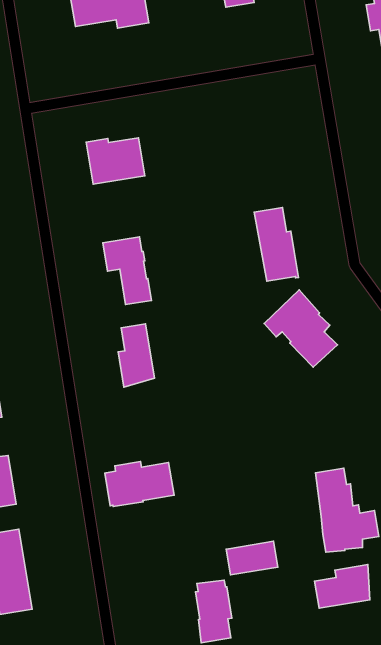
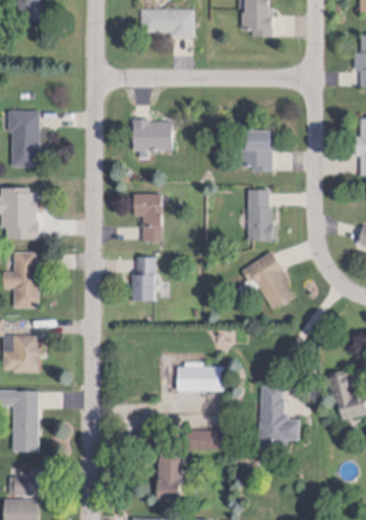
building: none -> [241,127,272,171]
building: [105,462,174,507] -> [176,363,224,392]
building: [315,565,370,608] -> none

